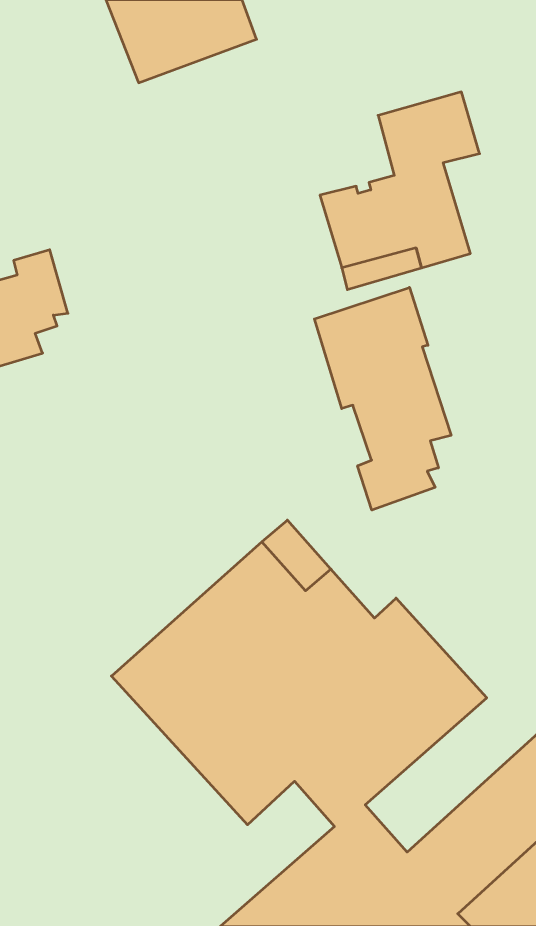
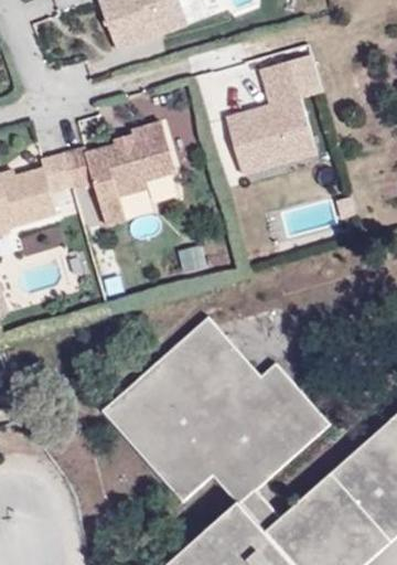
building: none -> [63,120,178,225]
building: [314,287,451,510] -> none

